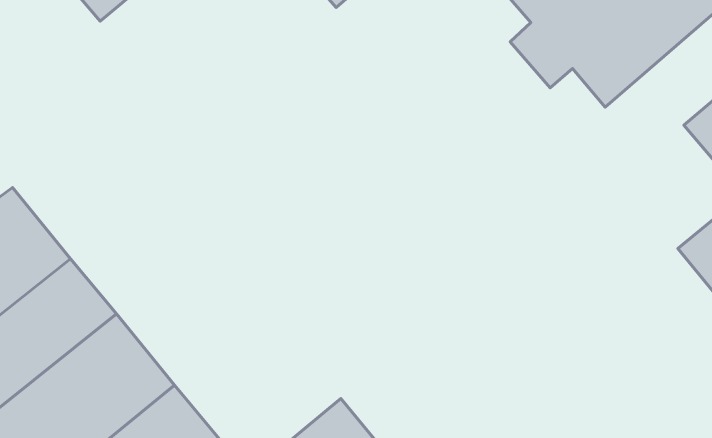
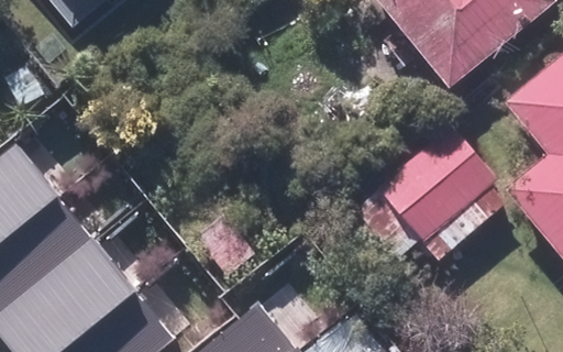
building: none -> [377,123,504,262]

